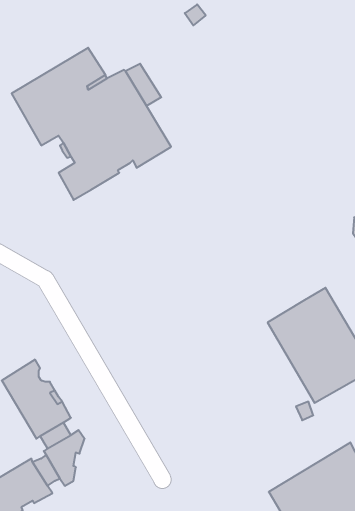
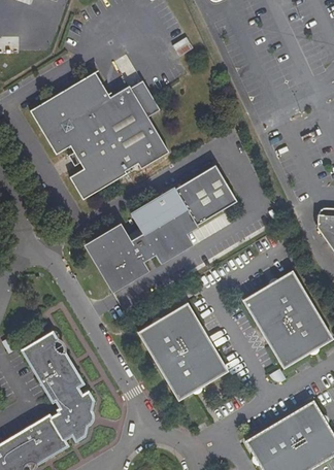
building: none -> [89,165,239,289]
building: none -> [140,304,229,400]

